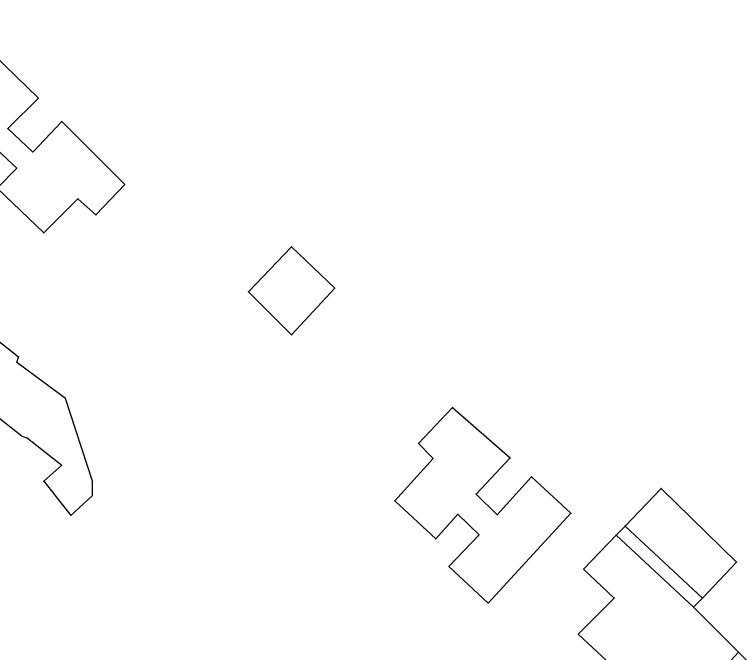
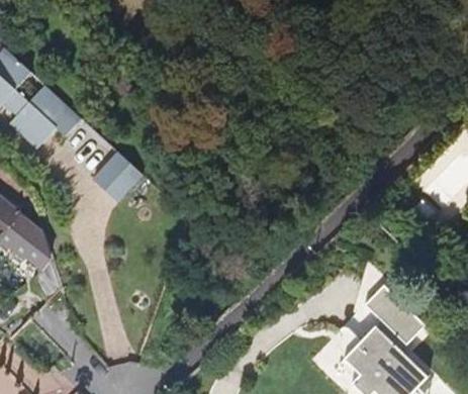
building: [248,247,335,335] -> [93,156,142,205]
building: [395,407,571,603] -> none

